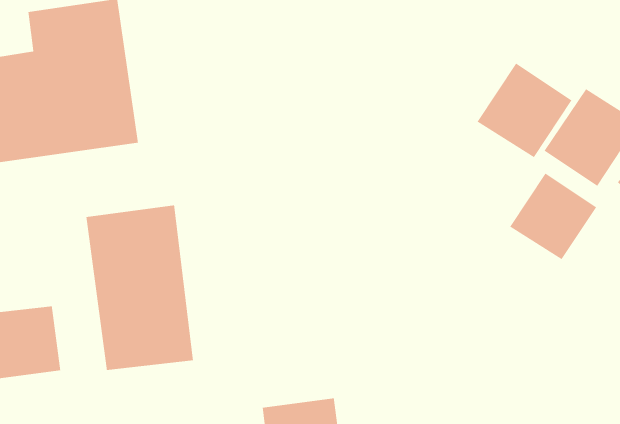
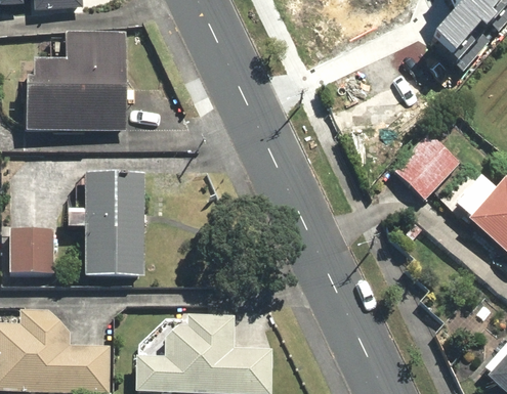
building: [477,63,572,158] -> none
building: [509,173,597,260] -> none

